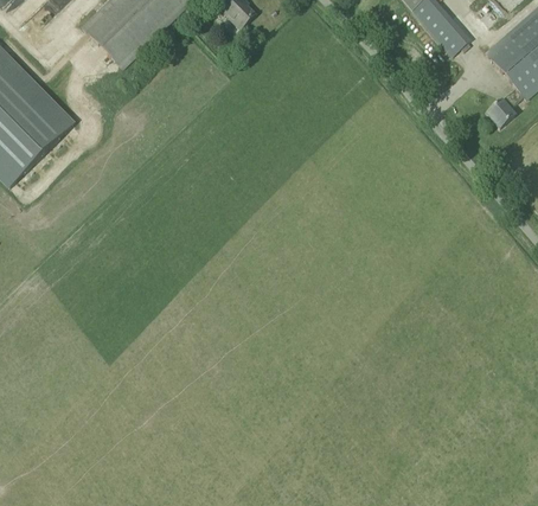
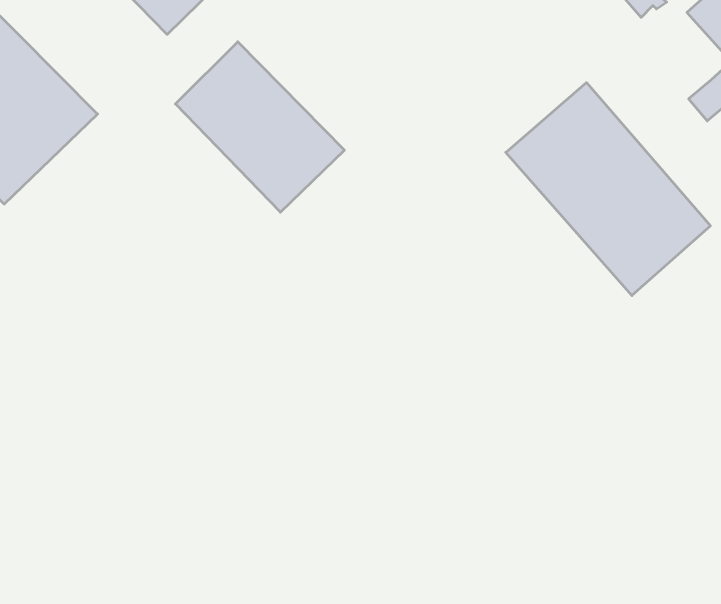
building: none -> [175,42,344,212]
building: none -> [506,83,710,296]

